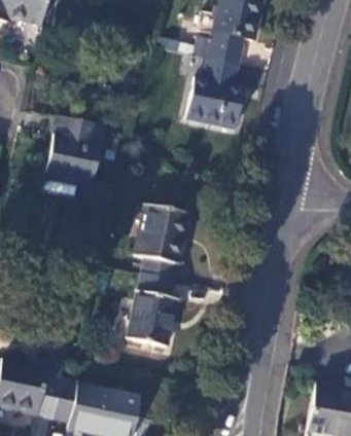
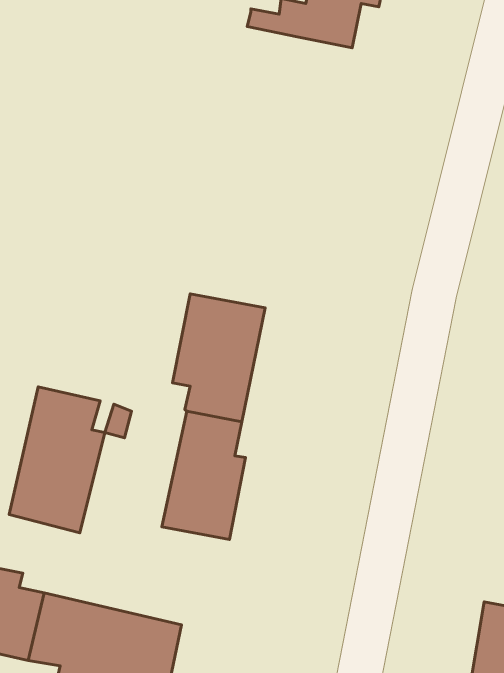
building: [186,60,244,129] -> none
building: [45,117,104,196] -> none
building: none -> [9,387,105,533]

